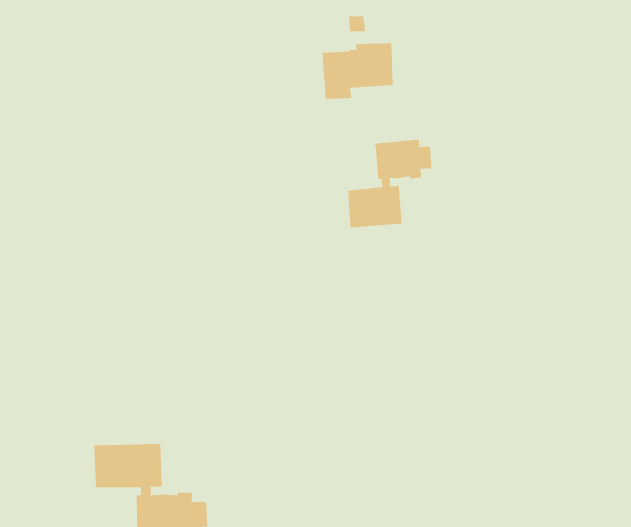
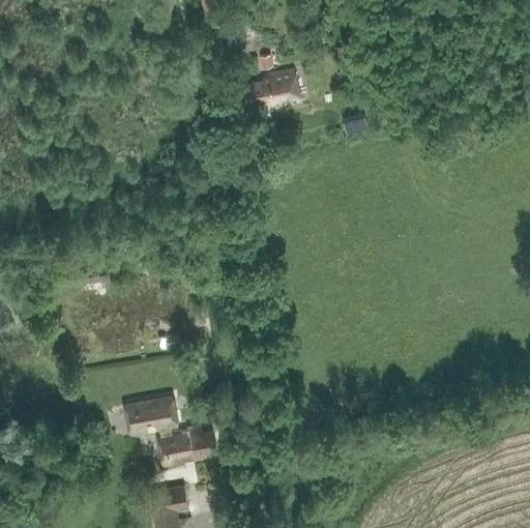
building: [348,139,432,228] -> none

